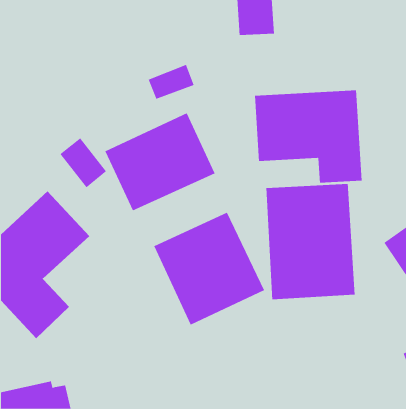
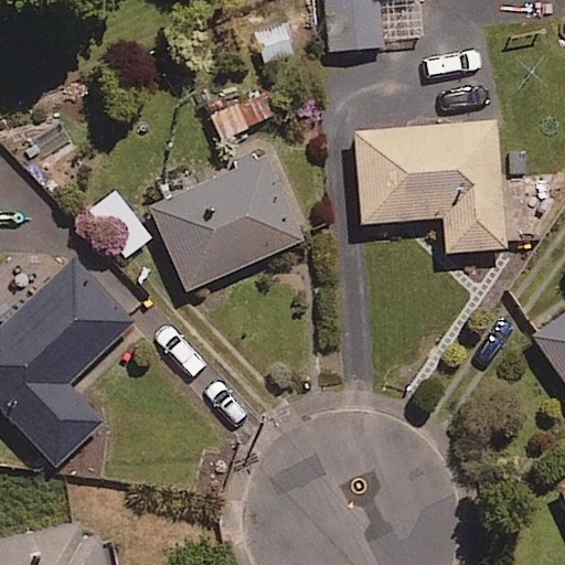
building: [266,183,355,300] -> none
building: [153,212,265,326] -> none

